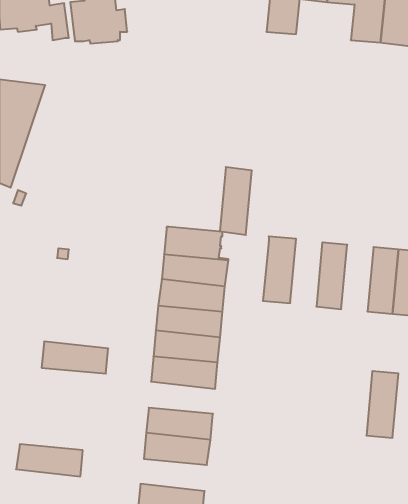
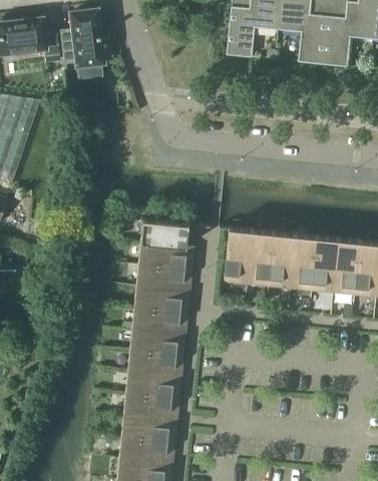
building: [220,167,252,235] -> [247,229,274,287]
building: [42,342,108,374] -> [127,350,183,377]
building: [366,371,398,438] -> [290,234,317,291]
building: [16,444,83,476] -> [120,415,176,442]

